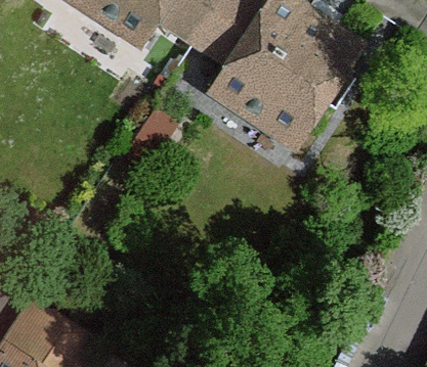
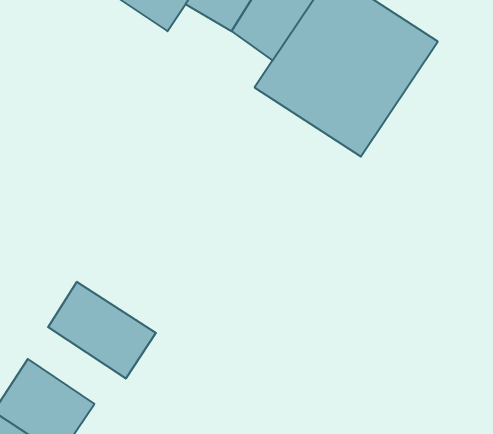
building: none -> [48,282,156,379]

